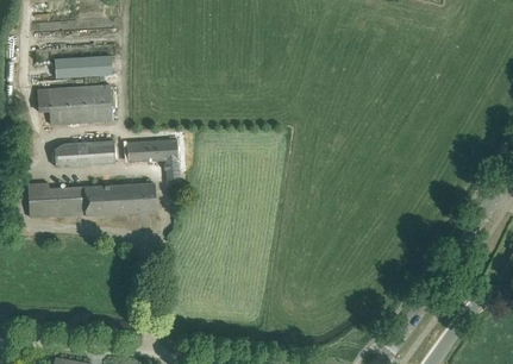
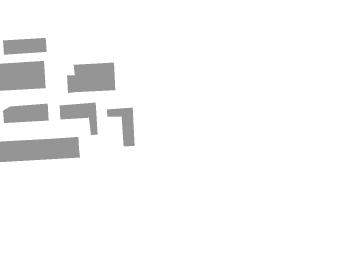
building: none -> [66,62,116,94]
building: none -> [107,107,135,147]

